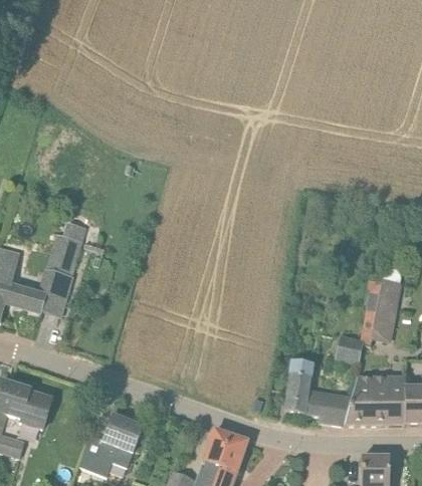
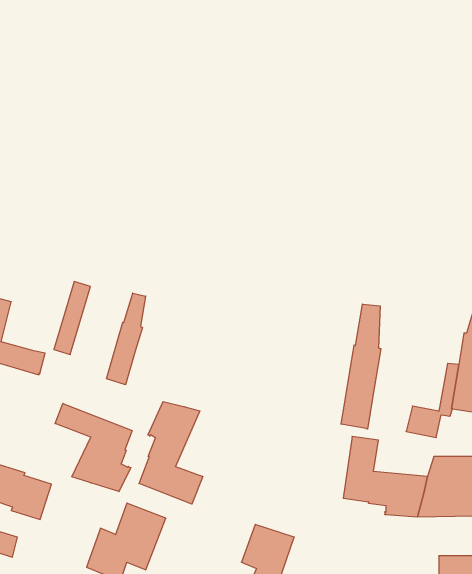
building: none -> [106,293,146,385]
building: none -> [341,304,381,429]
building: none -> [139,402,203,504]
building: none -> [55,403,132,492]

